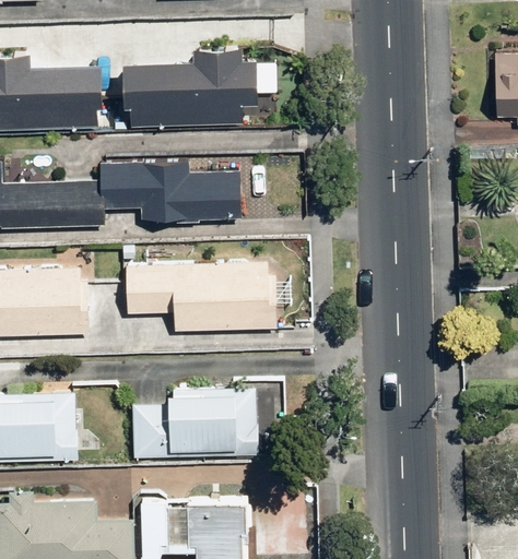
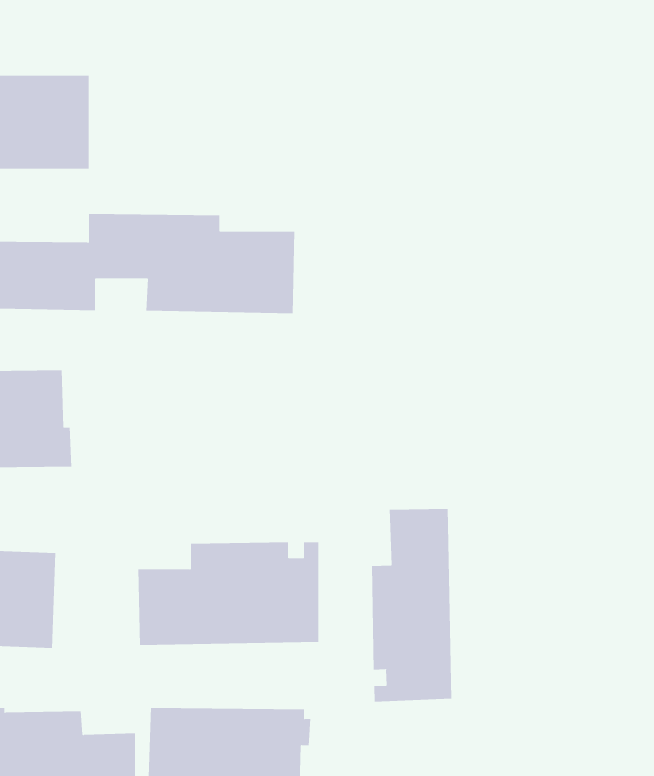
building: [127,47,258,126] -> none
building: [127,263,275,332] -> none
building: none -> [371,508,452,702]

